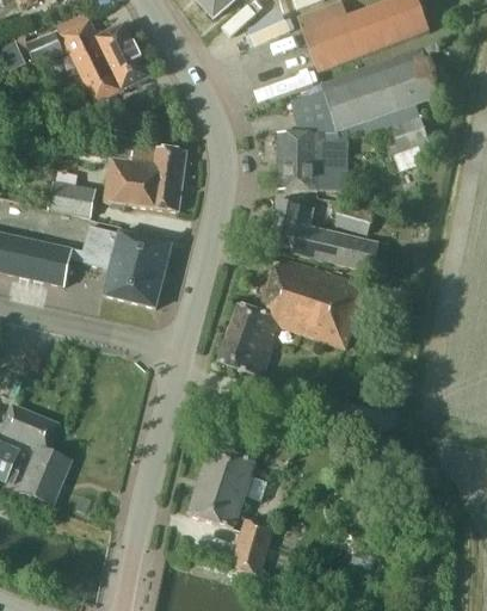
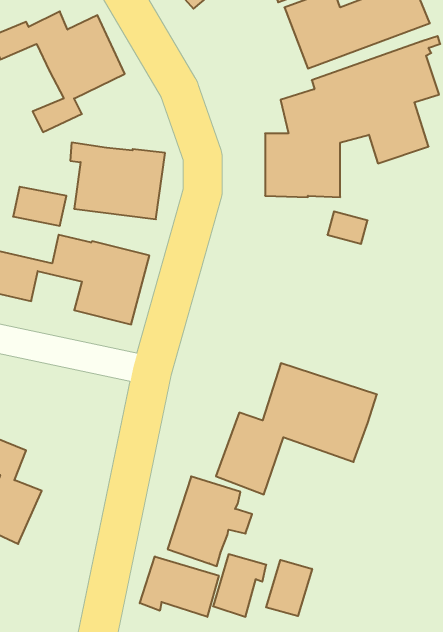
building: [266,198,378,270] -> none
building: [217,257,365,377] -> [216,363,377,494]
building: none -> [140,556,219,617]
building: none -> [266,560,312,616]

